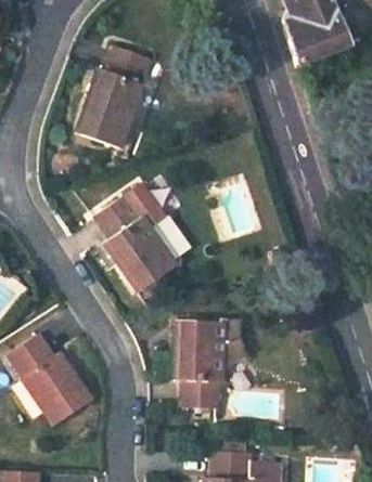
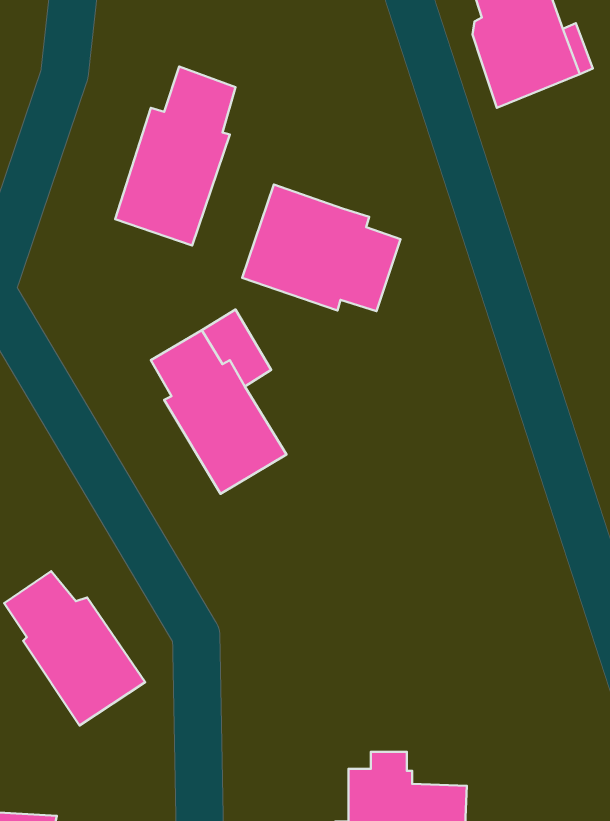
building: none -> [242,184,401,311]
building: [176,320,246,411] -> none

